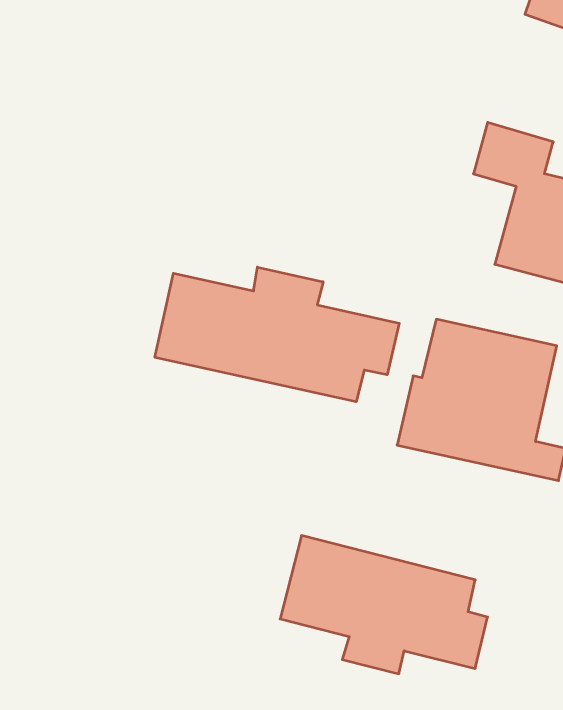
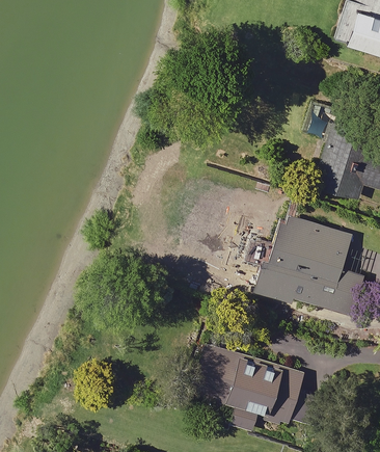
building: [155,267,399,402] -> none

